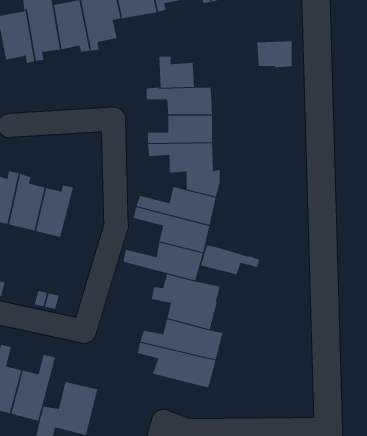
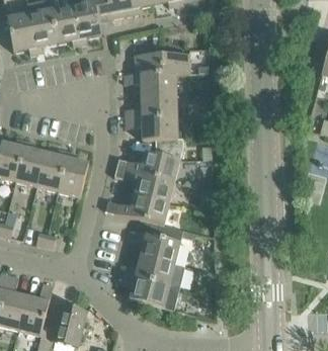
building: [256,41,292,68] -> [162,53,190,74]
building: none -> [58,152,89,197]
building: [200,244,260,275] -> none

